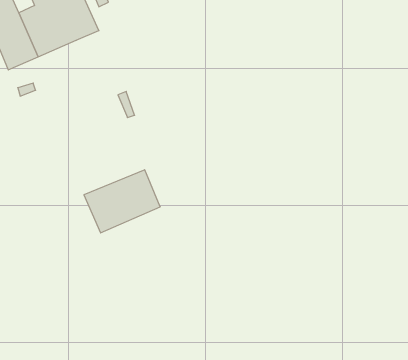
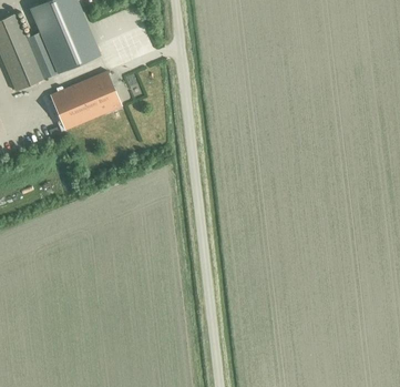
building: [84,170,160,233] -> [50,71,121,130]

